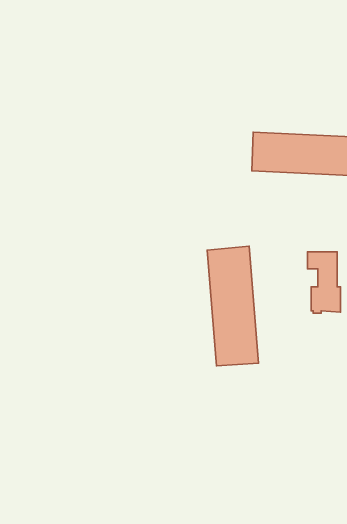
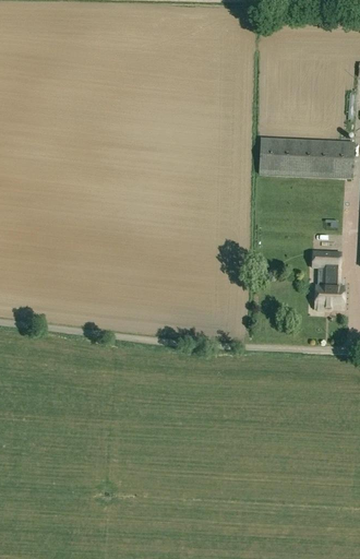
building: [207,246,259,366] -> none

